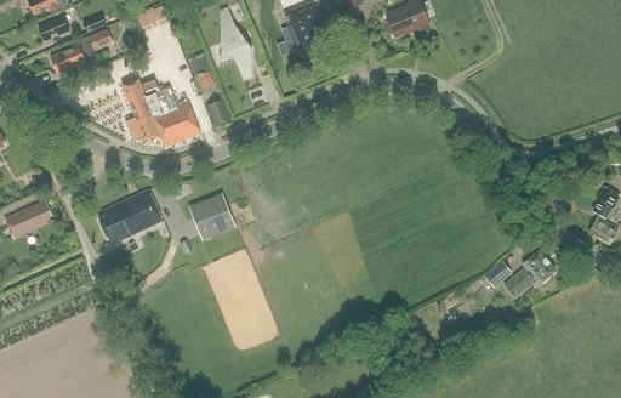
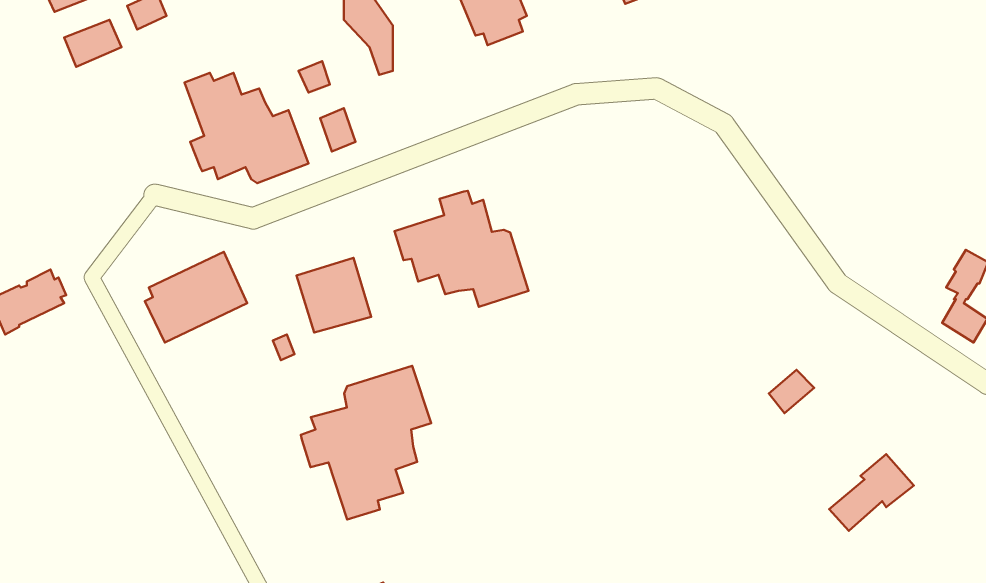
building: none -> [395,191,528,307]
building: [501,249,553,296] -> [829,454,914,531]
building: none -> [301,366,431,520]

